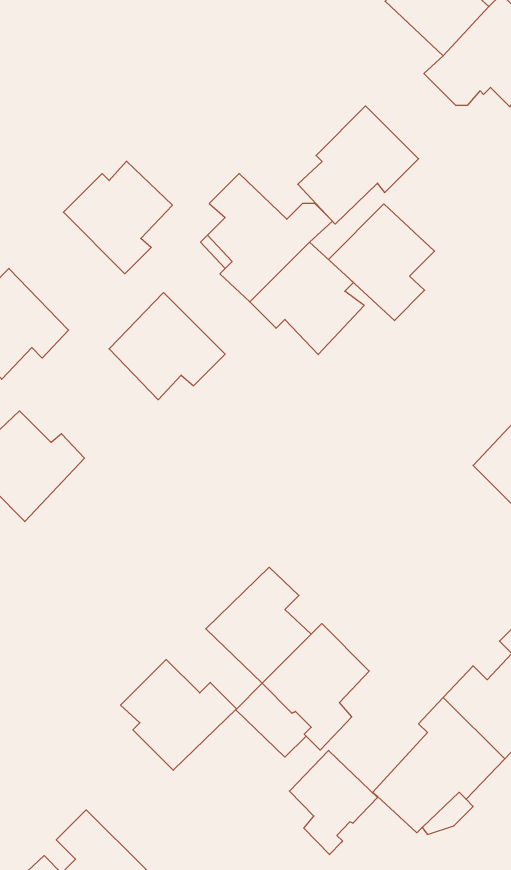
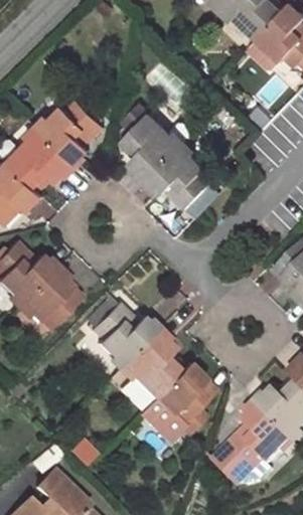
building: [298,106,419,224] -> none
building: [329,204,435,321] -> none
building: [109,293,225,400] -> [8,127,74,188]
building: none -> [17,268,80,329]
building: [121,660,237,770] -> [91,302,157,365]
building: [289,750,378,855] -> none

